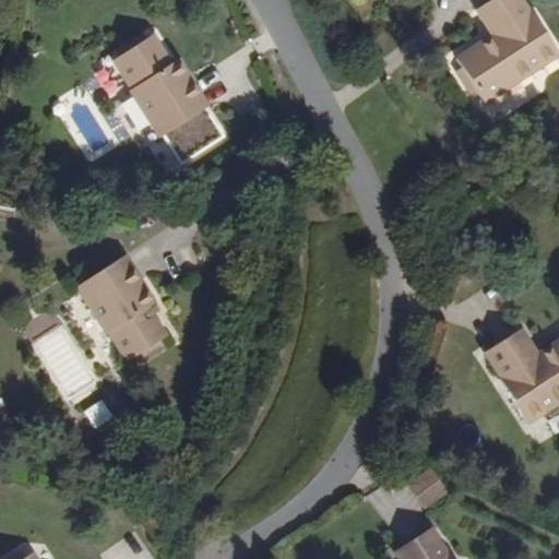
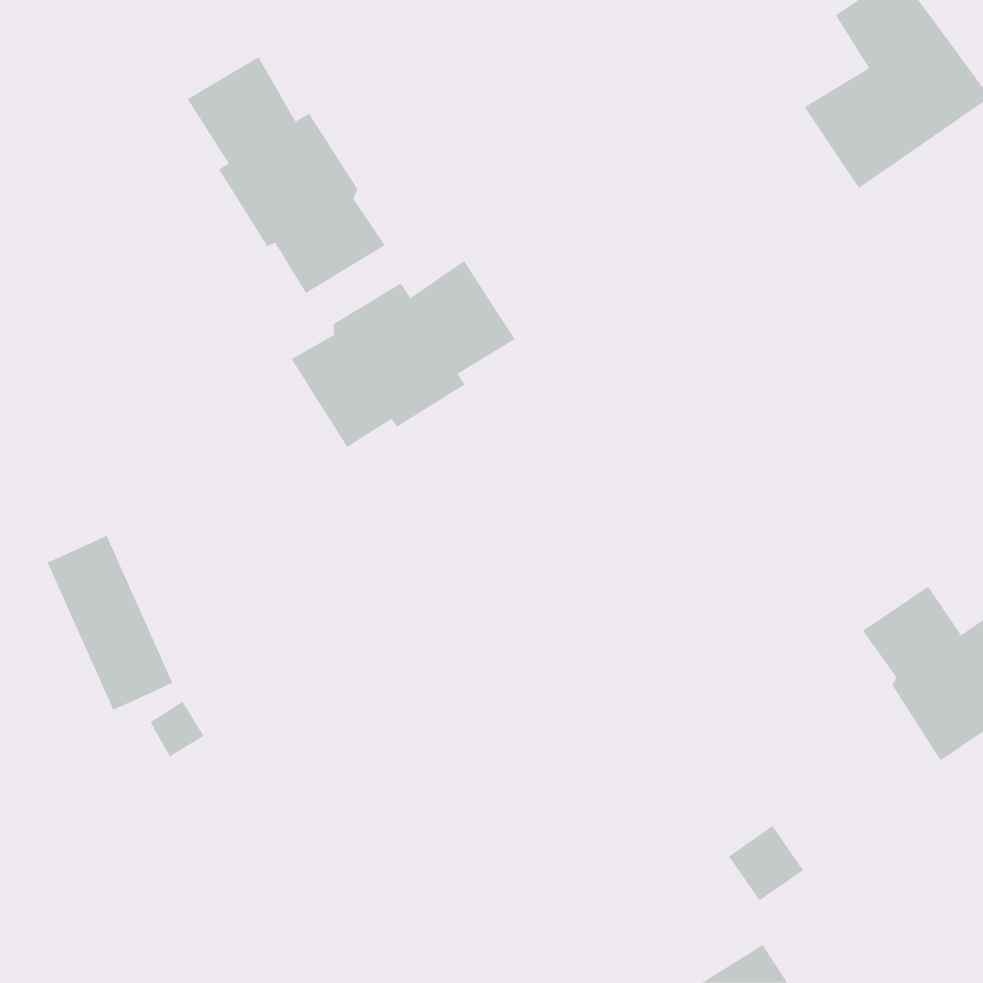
building: none -> [291,260,515,448]
building: [71,252,165,359] -> none

